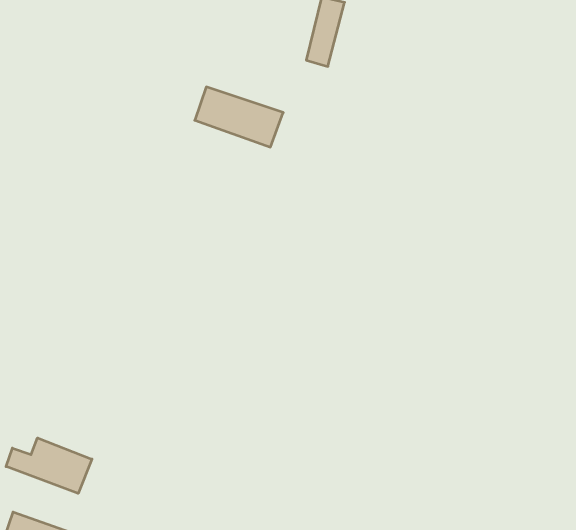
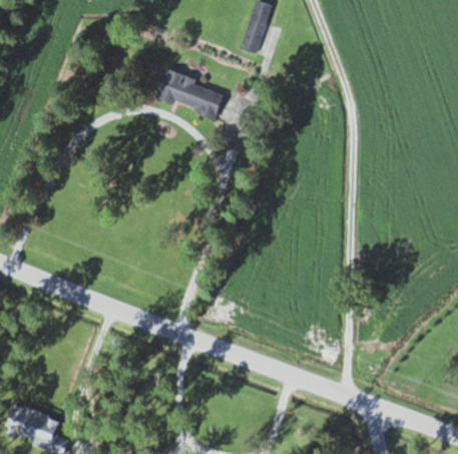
building: [6,438,92,493] -> none

